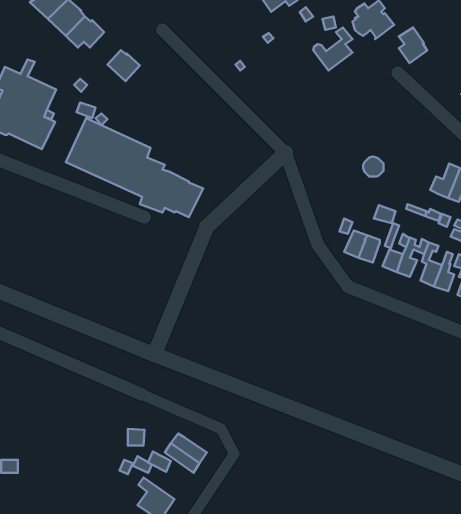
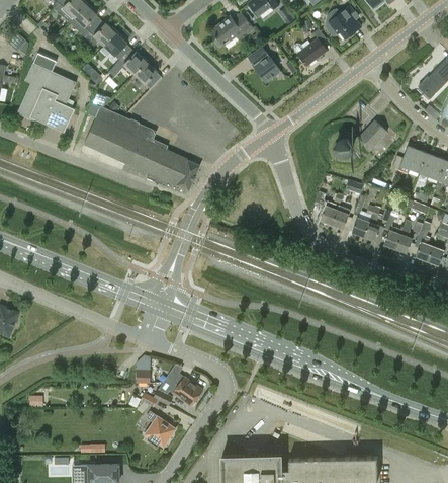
building: none -> [211,12,254,48]
building: [399,28,427,63] -> none
building: none -> [103,33,129,61]
building: none -> [246,47,279,82]
building: none -> [133,62,160,89]
building: none -> [358,120,386,153]

